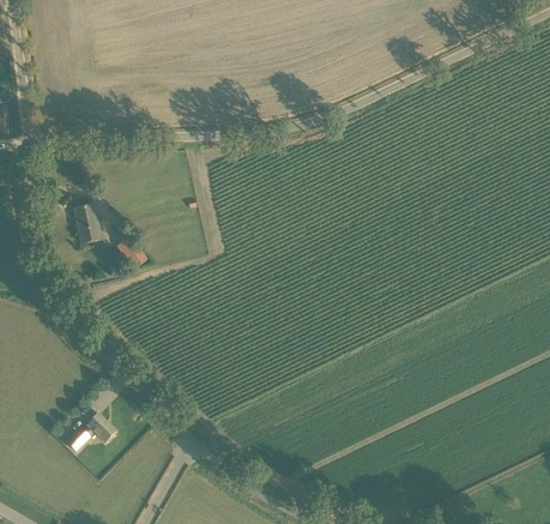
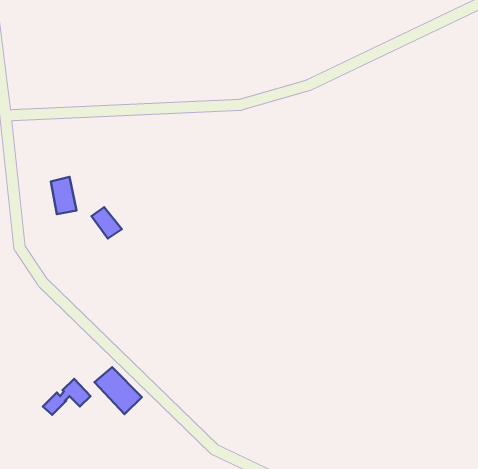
building: none -> [95,367,142,414]

